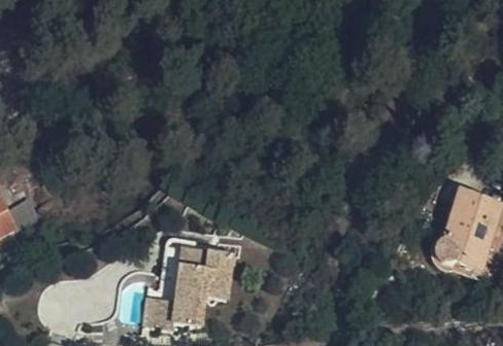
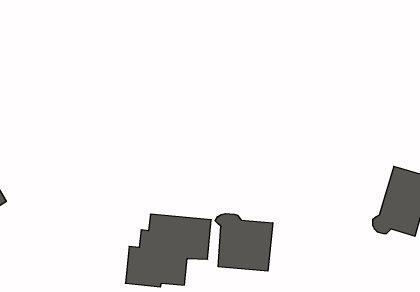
building: none -> [215,214,273,271]

